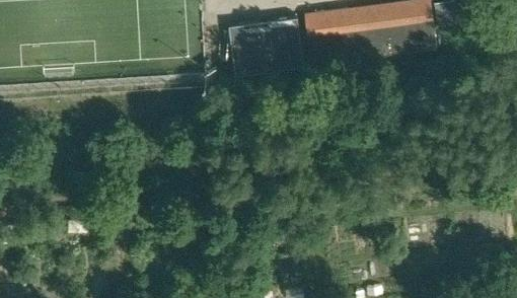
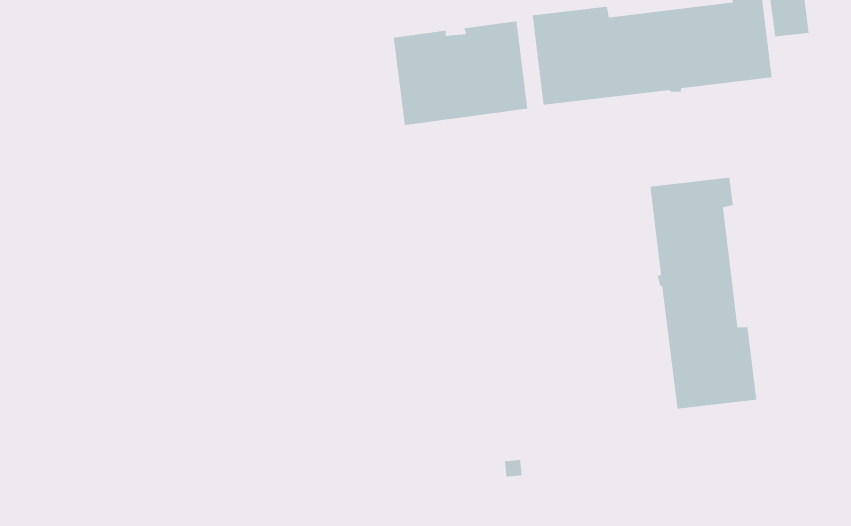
building: none -> [650,177,757,410]

